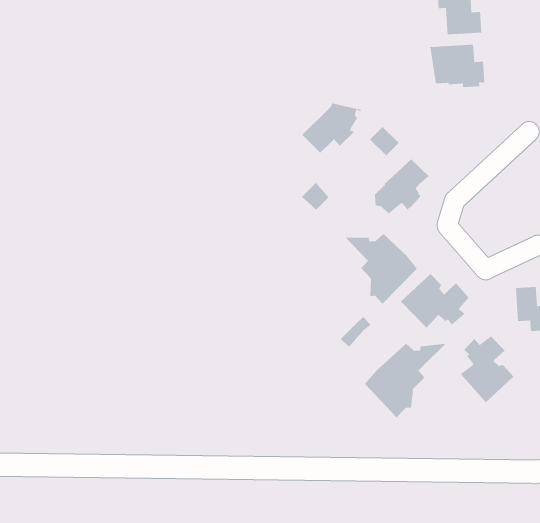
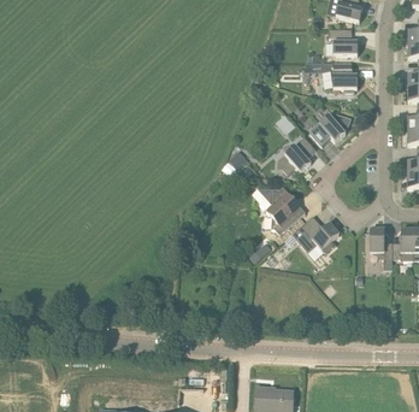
building: [301,103,362,153] -> [309,111,352,145]
building: [460,336,514,403] -> none
building: [364,343,447,418] -> none

